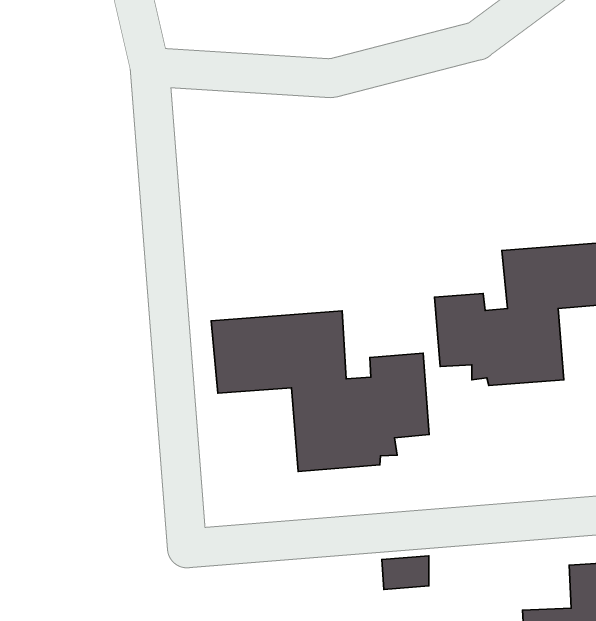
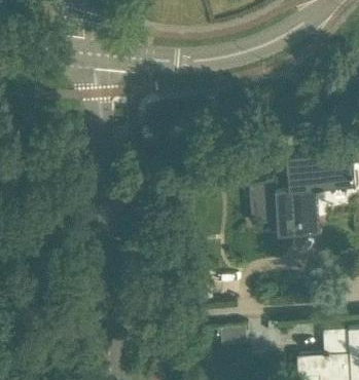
building: [211,311,429,471] -> none

